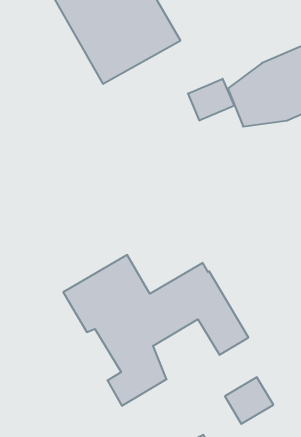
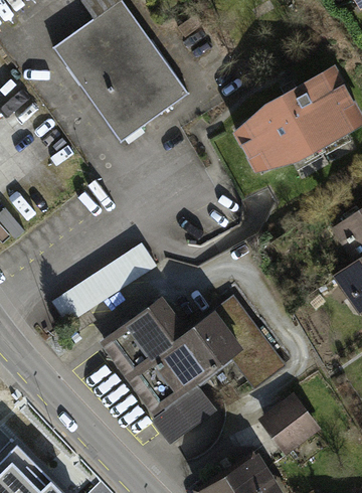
building: [188,79,234,121] -> none
building: none -> [51,241,157,324]

